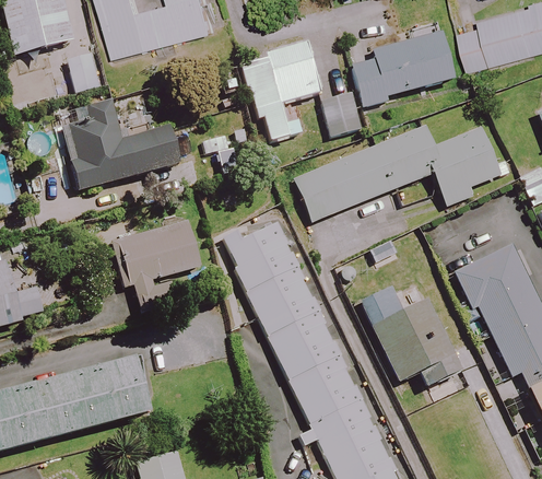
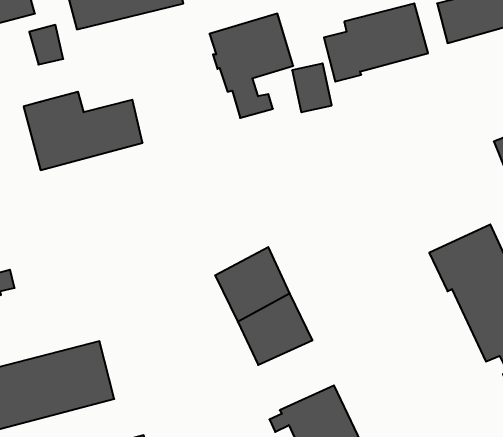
building: [295,125,510,221] -> none
building: [221,221,299,293] -> none
building: [111,222,201,311] -> none
building: [361,285,459,385] -> none
building: [290,355,363,423] -> none

